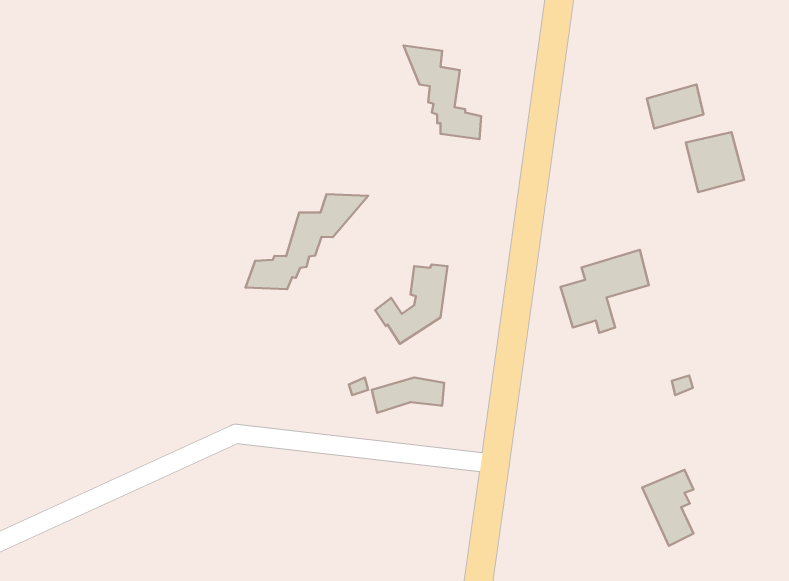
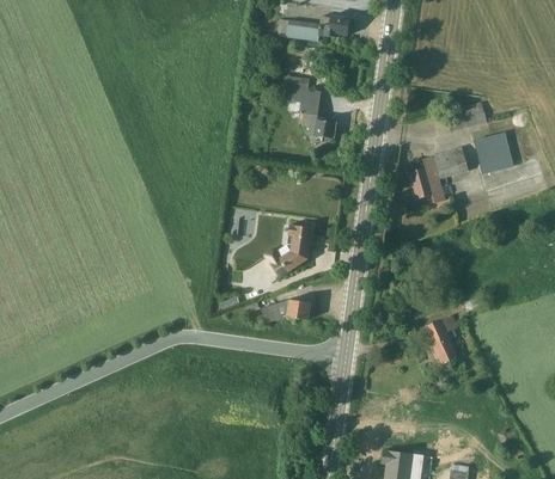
building: [245,194,368,289] -> none
building: [560,250,649,333] -> [408,147,468,203]
building: [642,470,693,546] -> [423,314,458,366]

